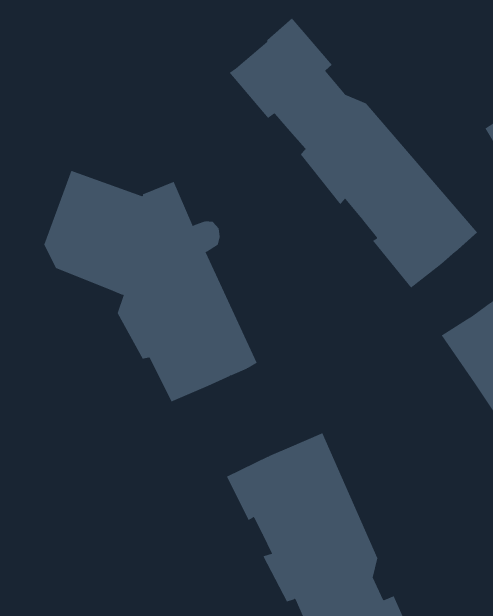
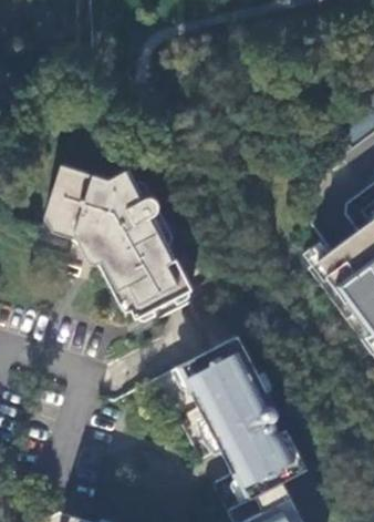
building: [229,17,478,288] -> none

